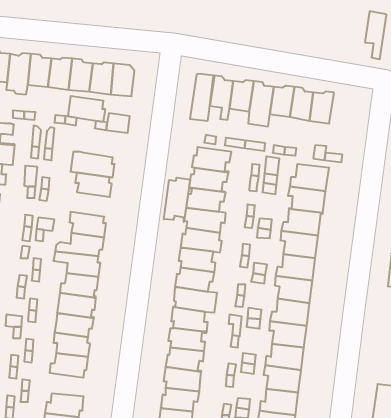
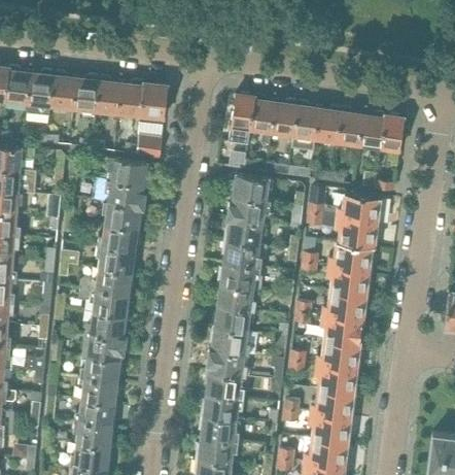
building: [365,11,387,59] -> [380,115,404,168]
building: [68,96,105,122] -> [107,159,148,186]
building: [164,178,190,222] -> none
building: none -> [97,225,140,251]
building: none -> [73,422,113,448]

